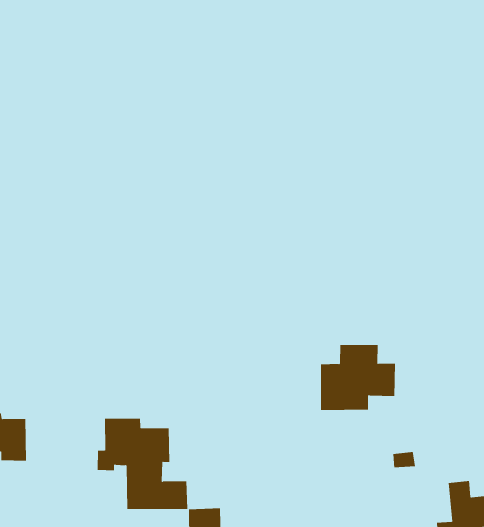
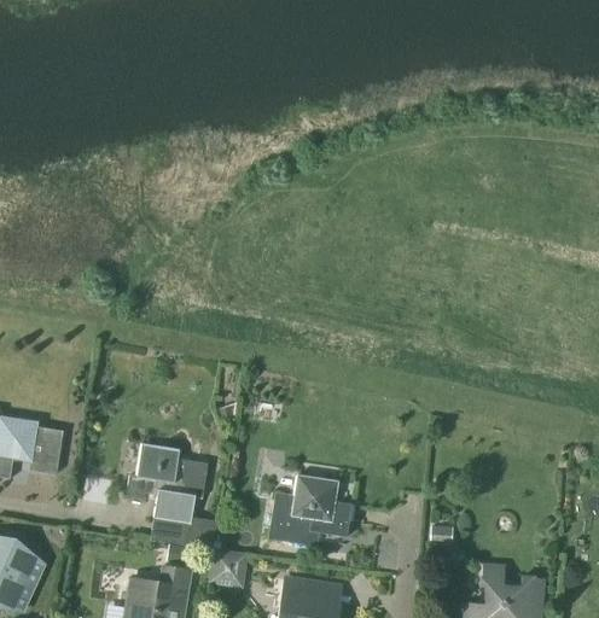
building: [320,344,396,410] -> [268,476,353,547]

